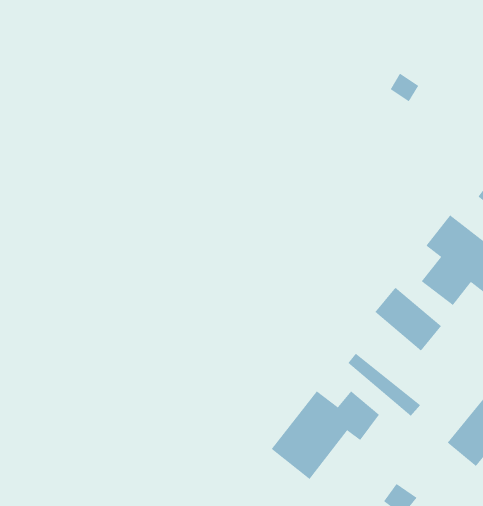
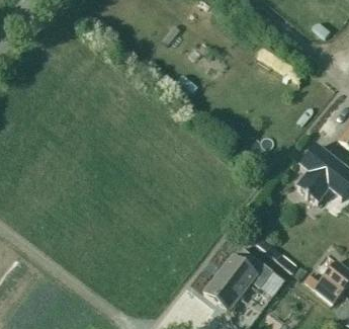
building: [374,287,442,351] -> none

